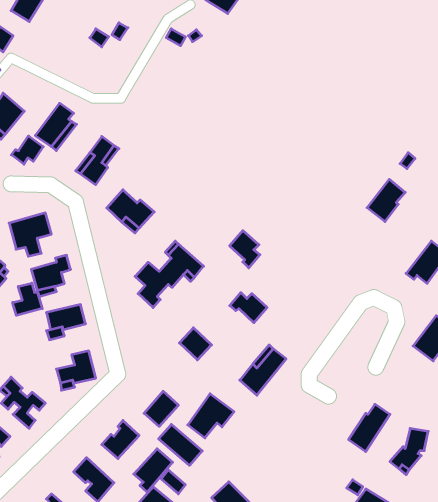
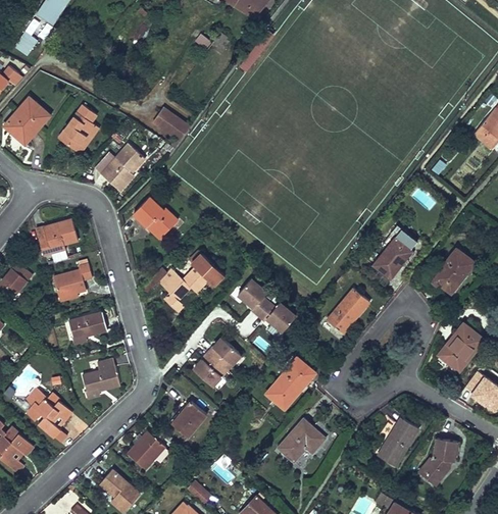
building: none -> [151,107,190,140]
building: [11,136,43,164] -> none
building: [367,179,405,222] -> [374,234,412,276]
building: [230,231,260,268] -> [237,276,267,314]
building: none -> [328,287,370,330]
building: [13,283,42,315] -> none
building: none -> [191,352,223,384]
building: [188,394,234,438] -> [279,414,326,459]
building: [159,424,202,465] -> none
building: [134,449,173,492] -> none

